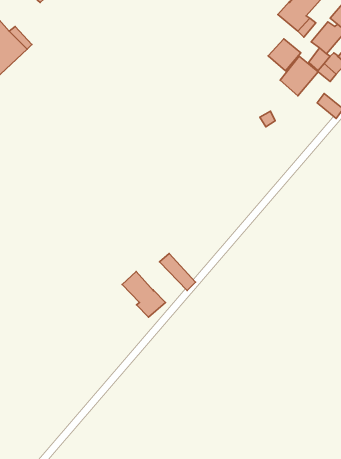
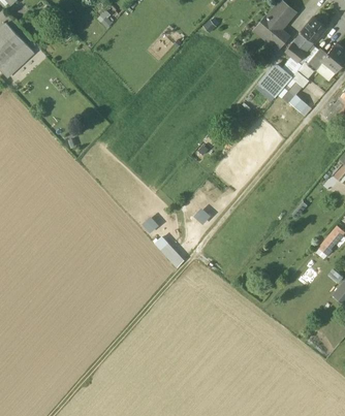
building: [268,39,301,71] -> none
building: [122,272,166,317] -> none

